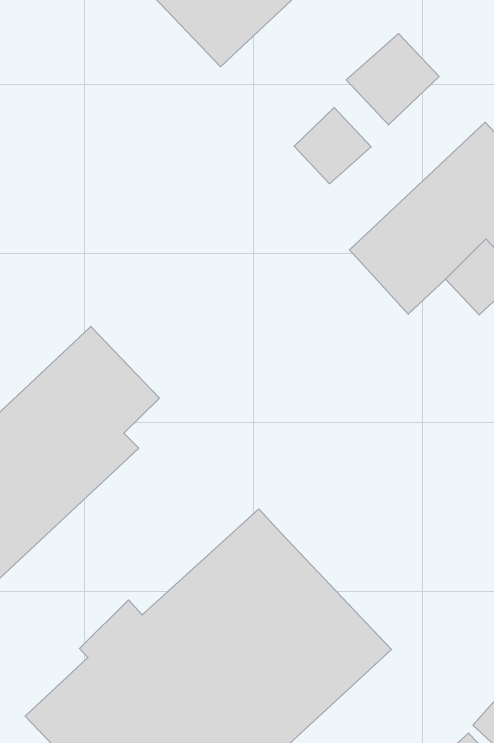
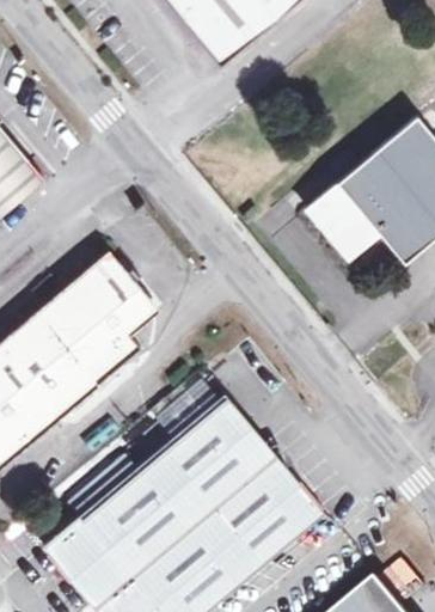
building: [346,34,439,125] -> none
building: [294,108,371,184] -> none

